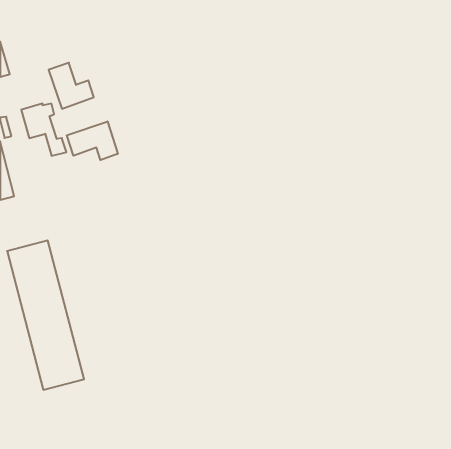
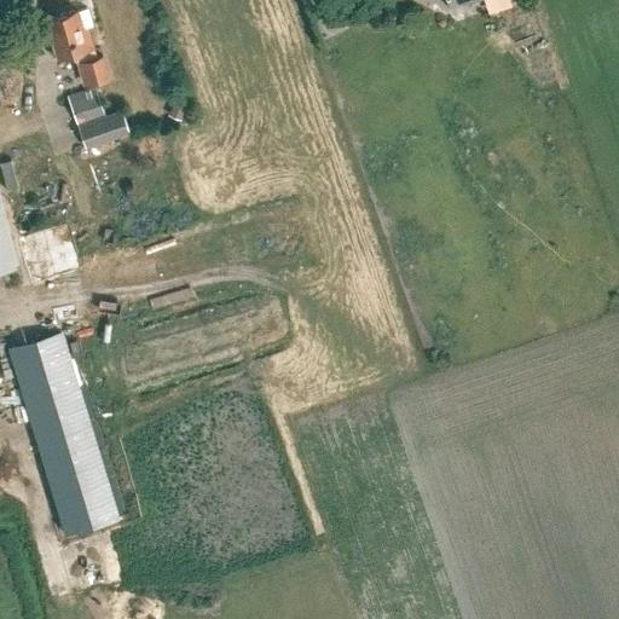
building: [21,104,66,156] -> [48,13,110,85]
building: [67,121,118,160] -> none

